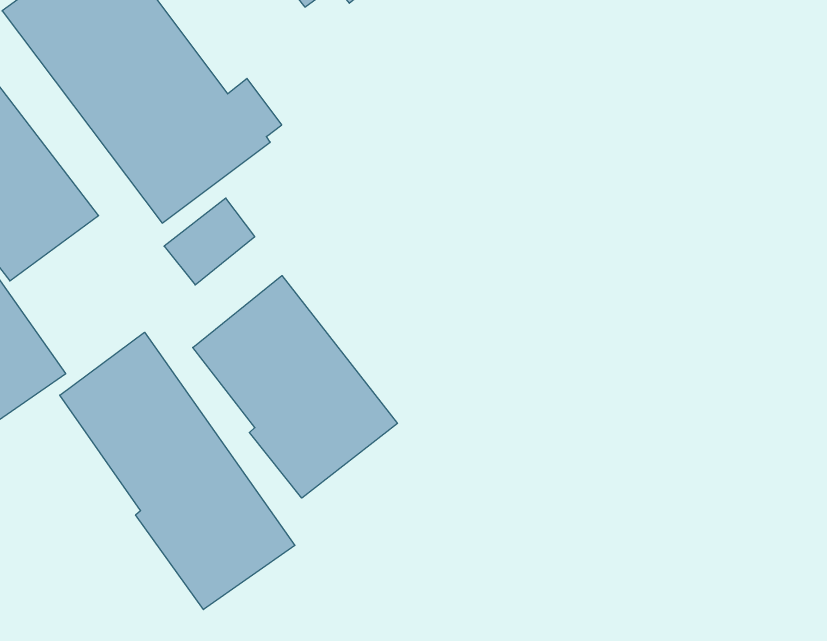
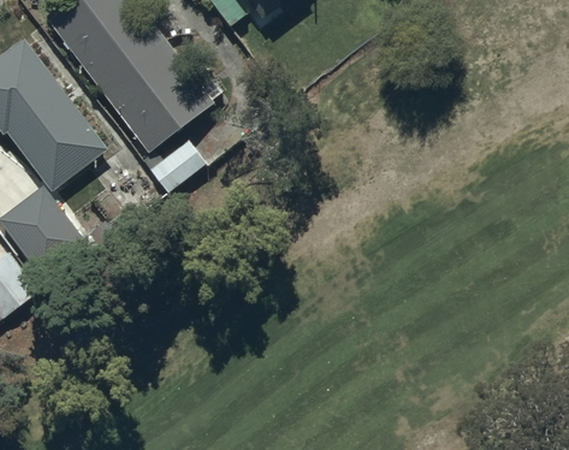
building: [193,276,397,498] -> none
building: [60,332,295,610] -> none

